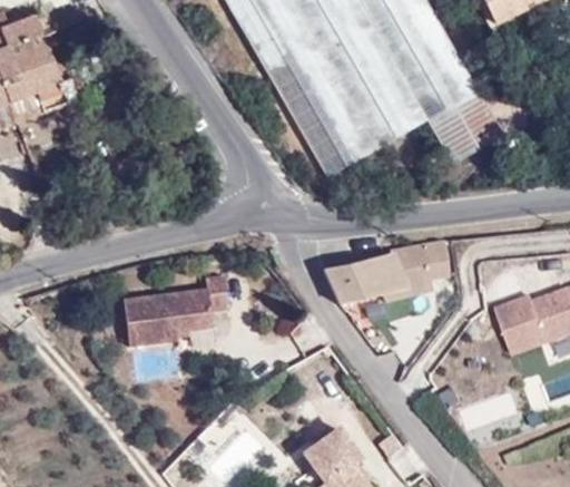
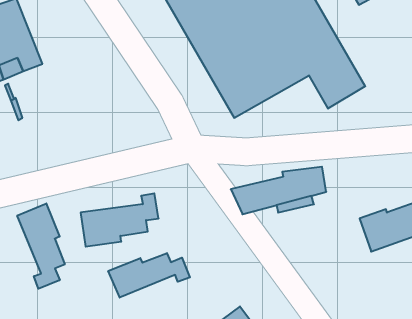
building: none -> [17,203,65,289]
building: none -> [108,253,190,298]

